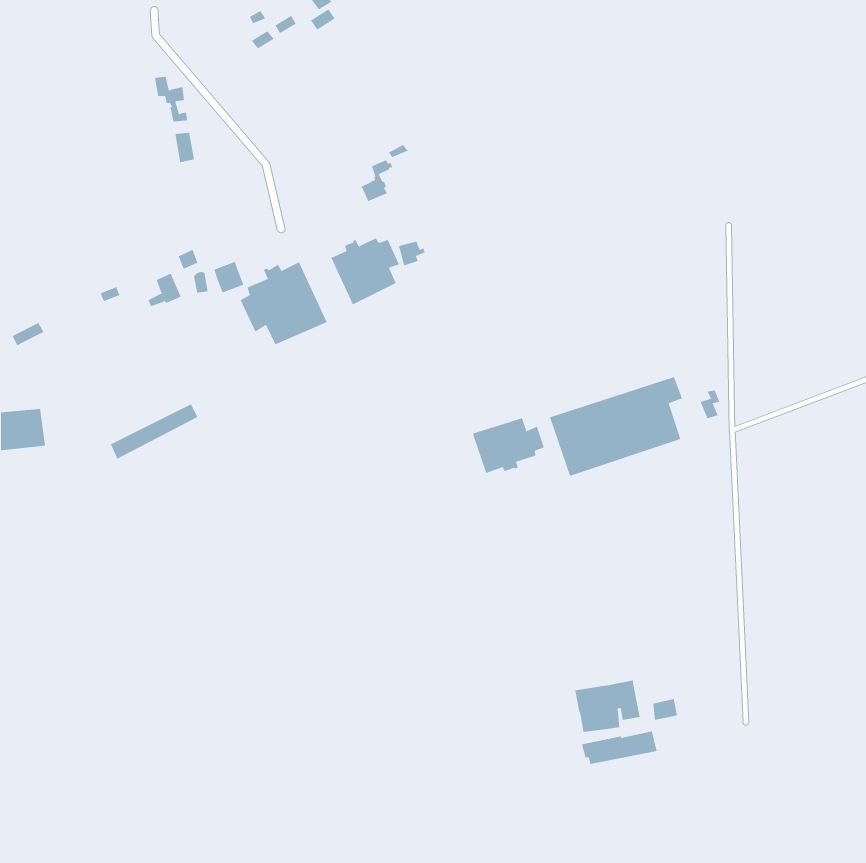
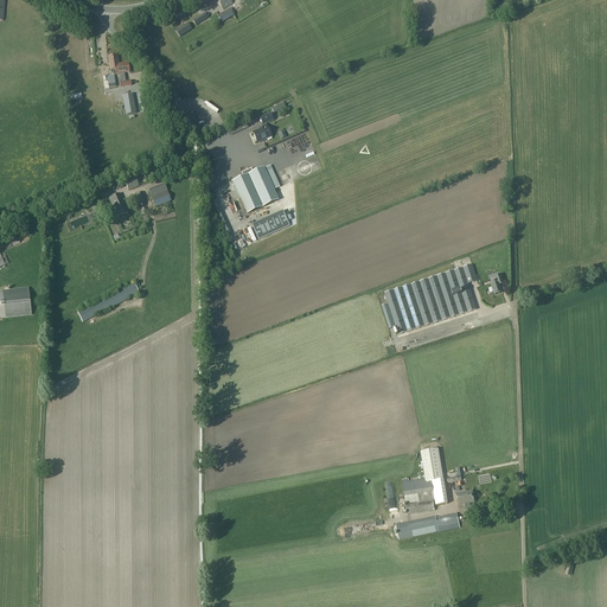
building: [240,262,328,345] -> none
building: [472,418,544,474] -> none
building: none -> [421,447,443,479]

